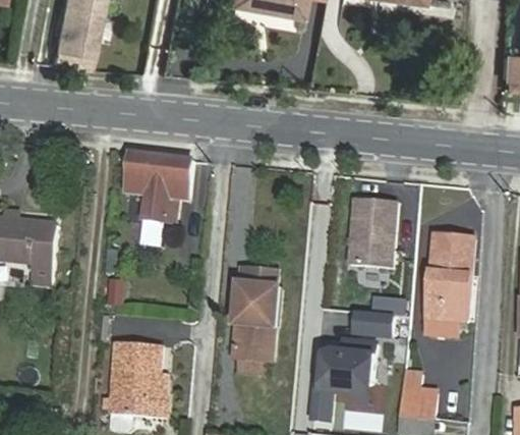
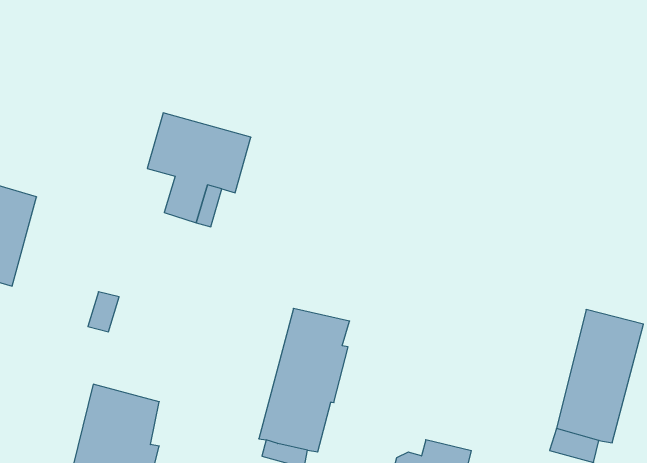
building: [347,197,395,266] -> none
building: [353,310,392,334] -> none

